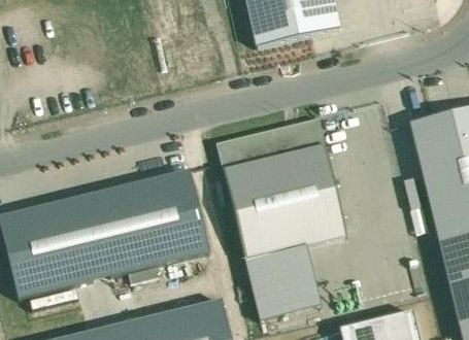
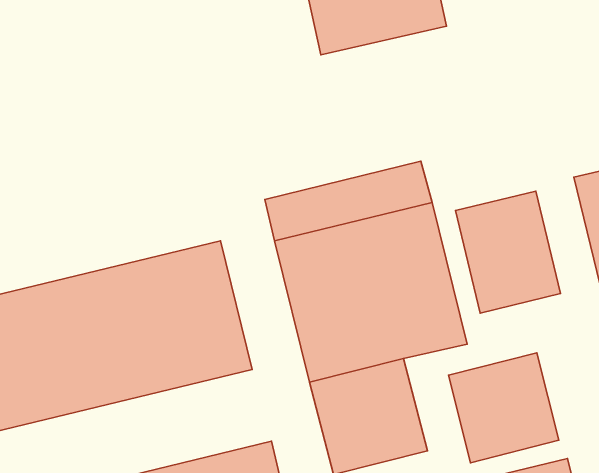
building: none -> [456,191,560,313]
building: none -> [449,353,559,463]

